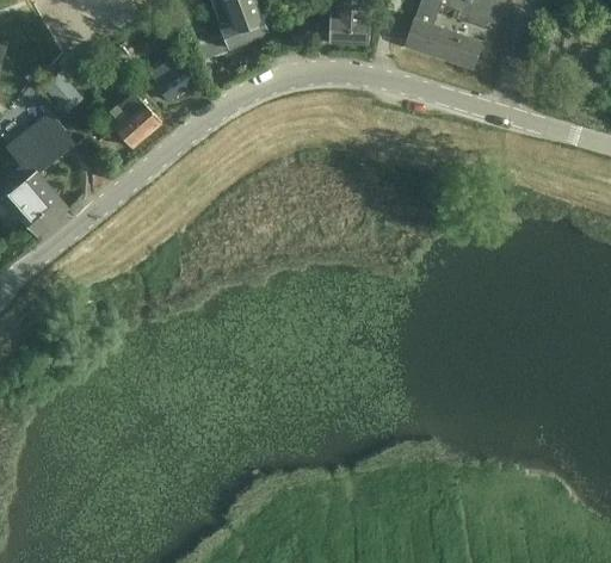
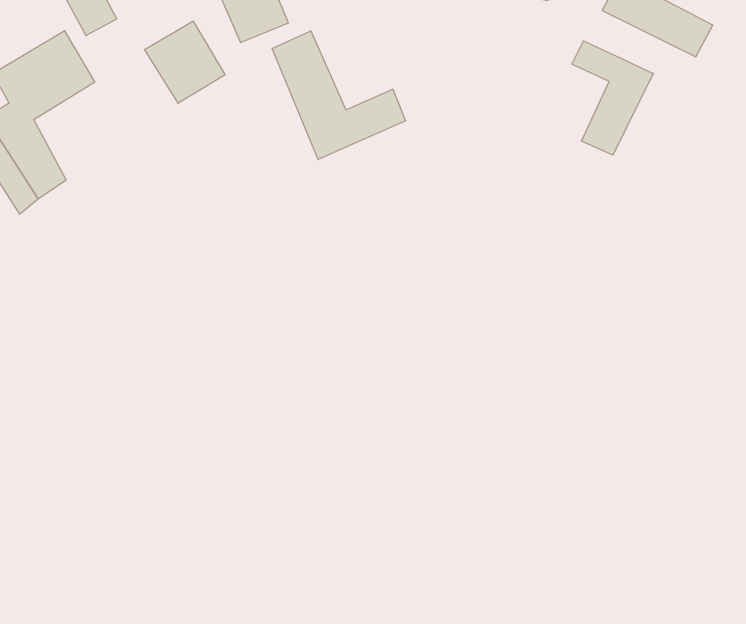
building: none -> [572,41,653,155]
building: none -> [272,31,406,160]

